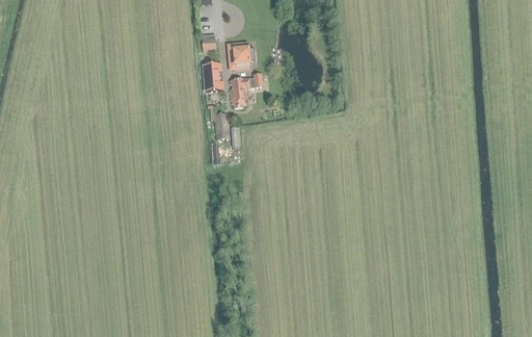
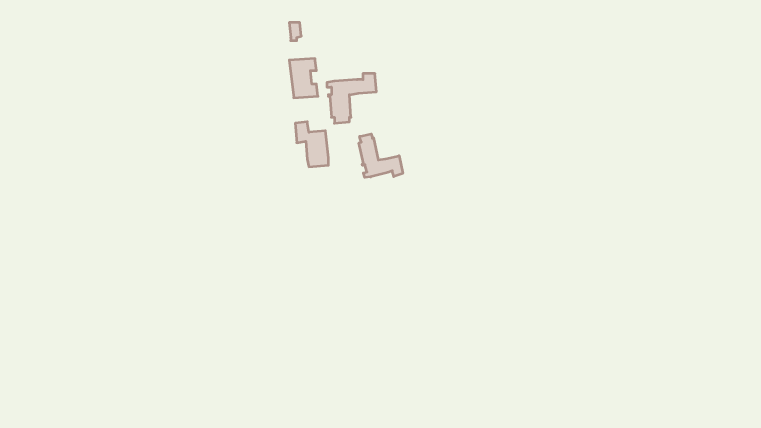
building: [228,43,247,67] -> none
building: none -> [359,134,403,177]

